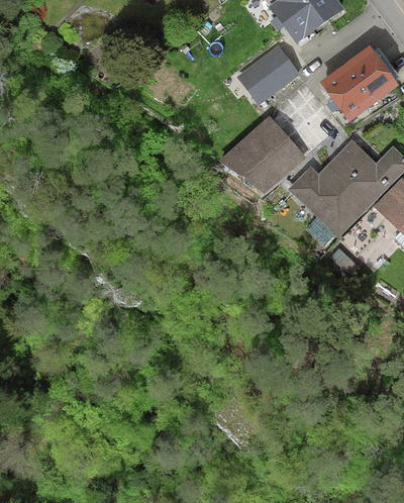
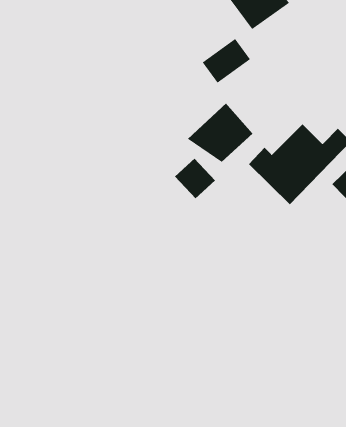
building: [327,58,393,118] -> none
building: none -> [174,158,216,199]

